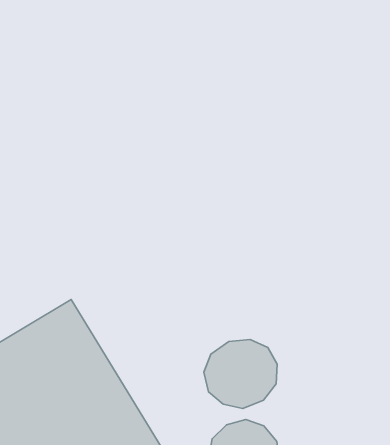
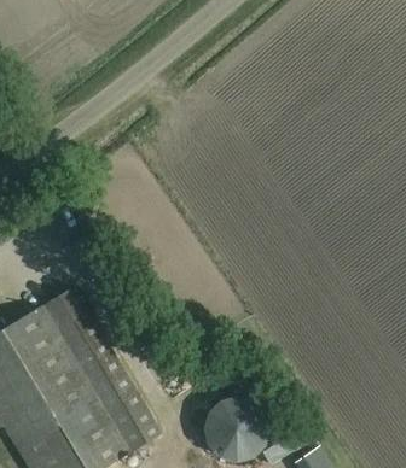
building: [204,340,277,408] -> none

